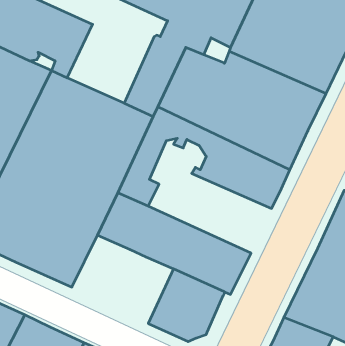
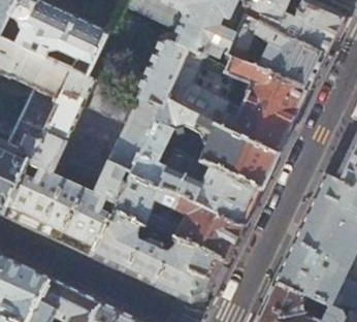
building: none -> [157,150,262,227]
building: none -> [92,212,179,287]

